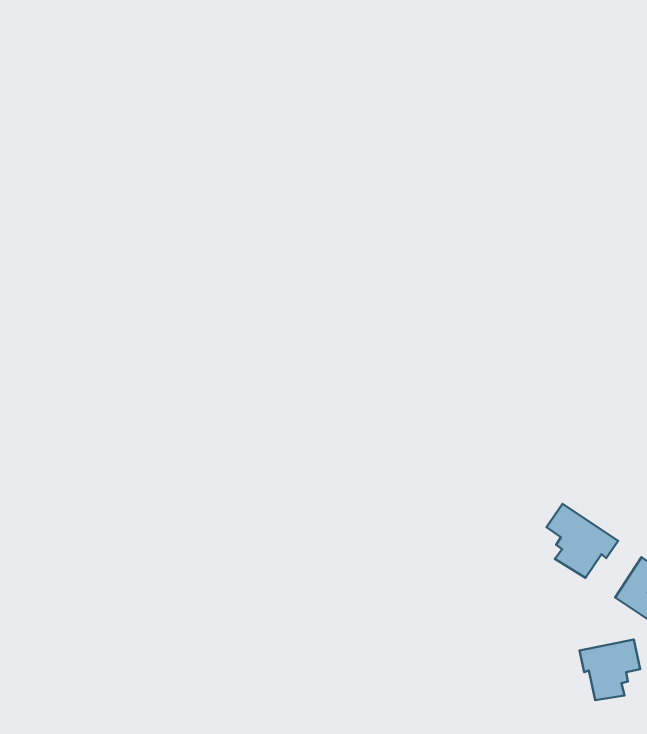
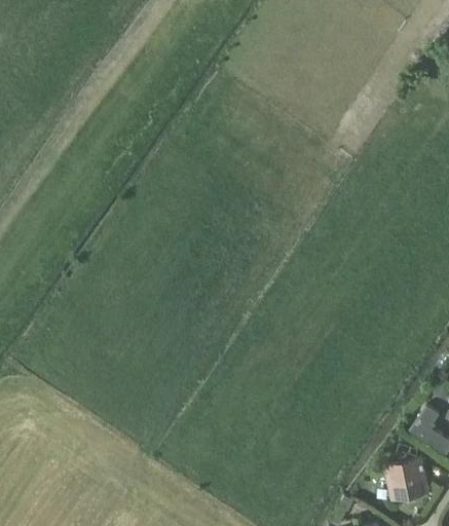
building: [547,504,618,578] -> none

